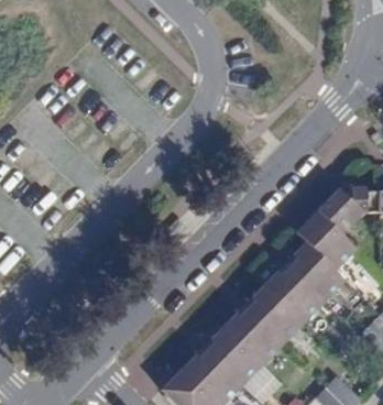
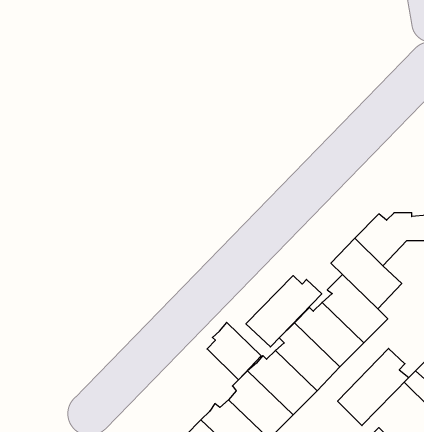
building: none -> [246,276,322,347]
building: none -> [207,322,261,380]
building: none -> [338,348,409,426]

